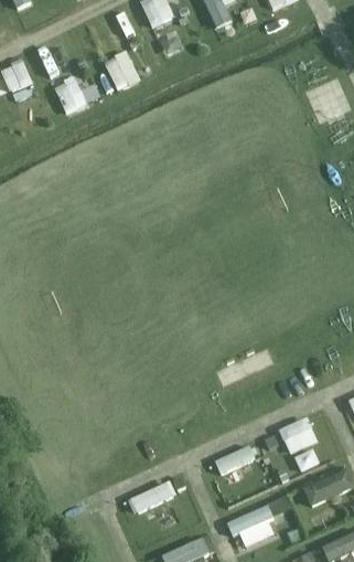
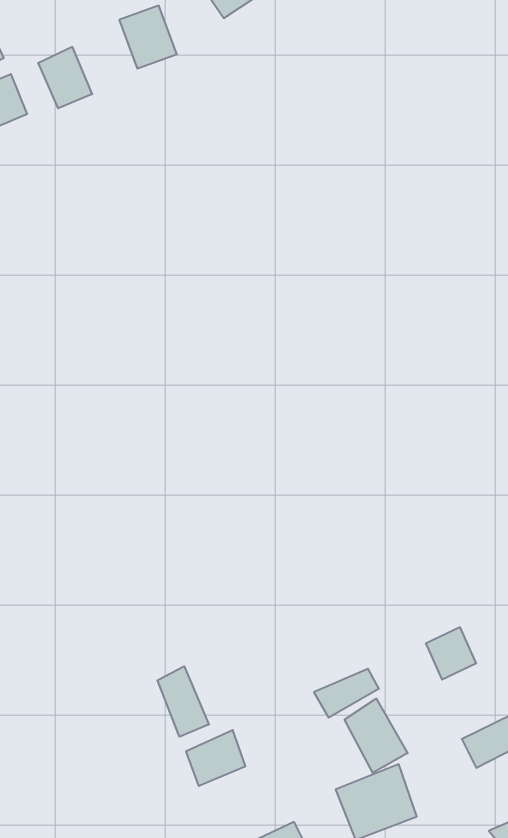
building: none -> [157,666,209,737]
building: none -> [345,699,408,773]

